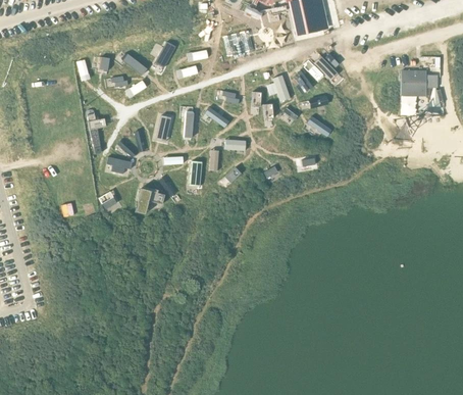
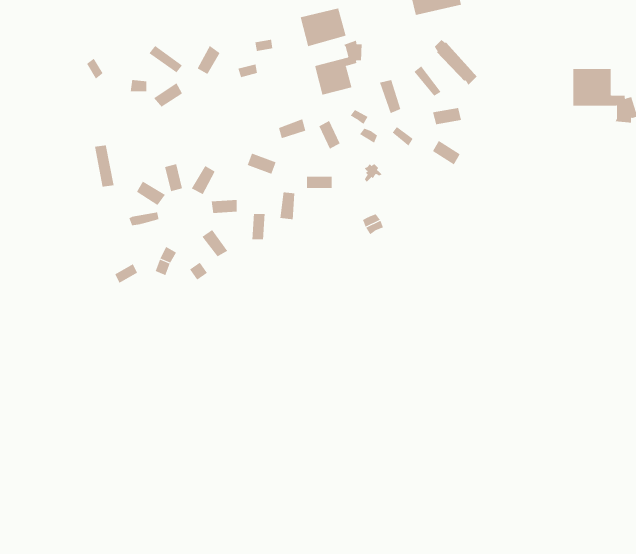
building: none -> [314,40,362,96]

